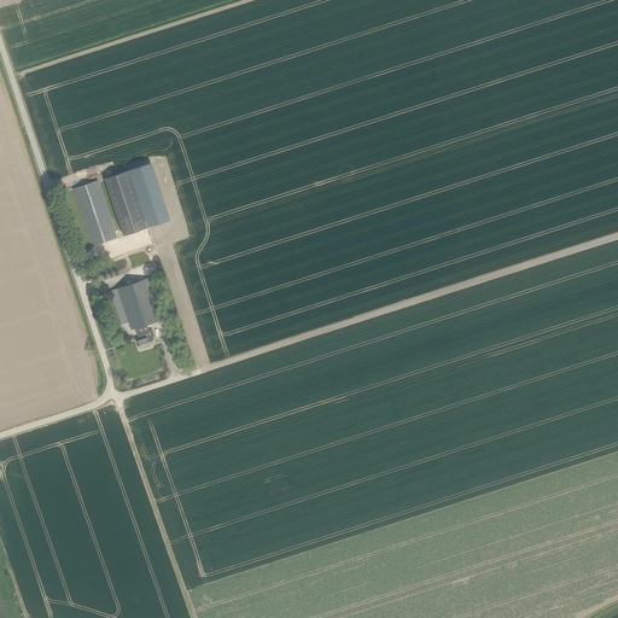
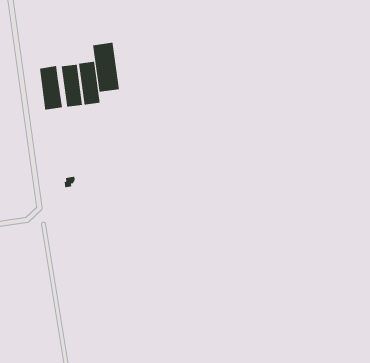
building: none -> [93,42,120,93]
building: [109,278,159,330] -> none

